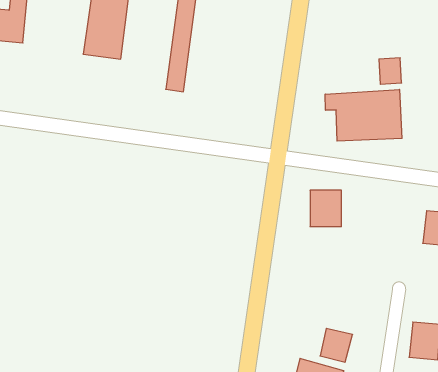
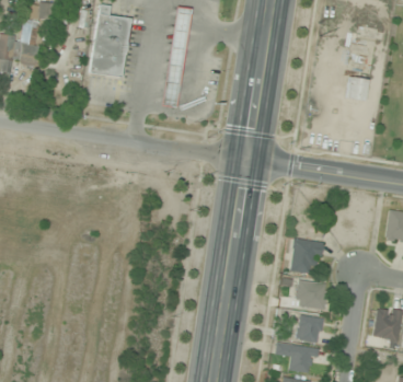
building: [325,89,402,141] -> none
building: [310,190,341,227] -> [292,241,320,273]
building: none -> [297,281,327,309]

